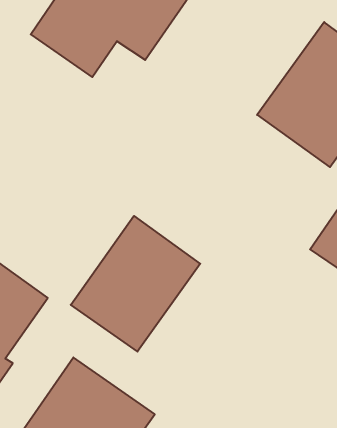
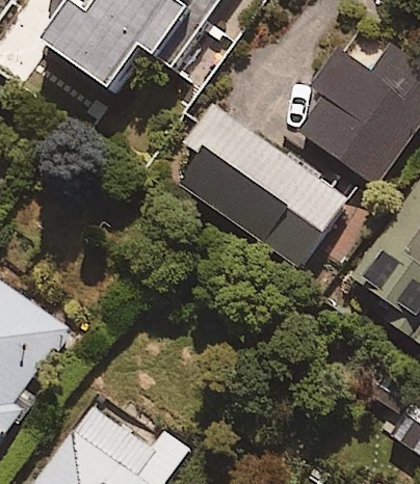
building: none -> [183,108,346,268]
building: [71,216,200,352] -> none

